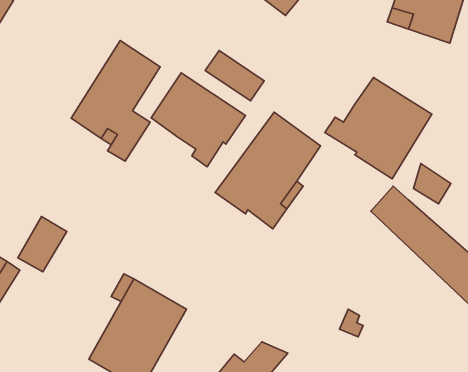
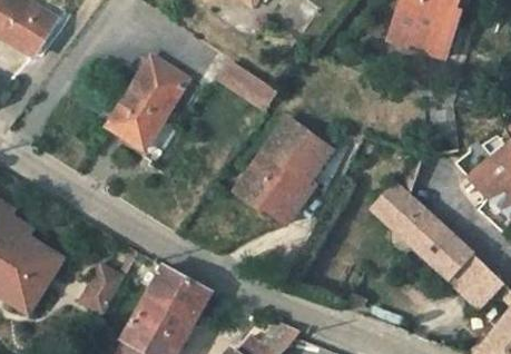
building: [151,73,246,167] -> none
building: [325,78,432,179] -> none
building: [18,217,67,272] -> [79,264,122,313]

